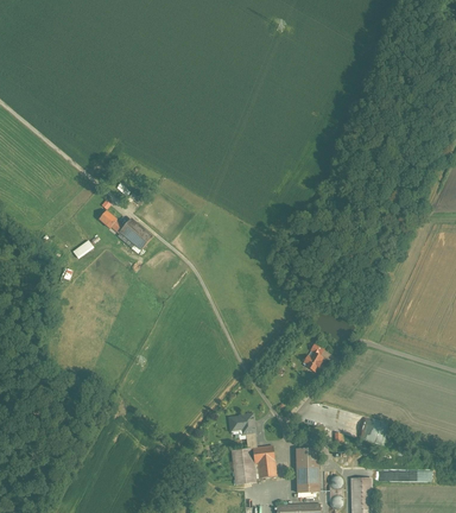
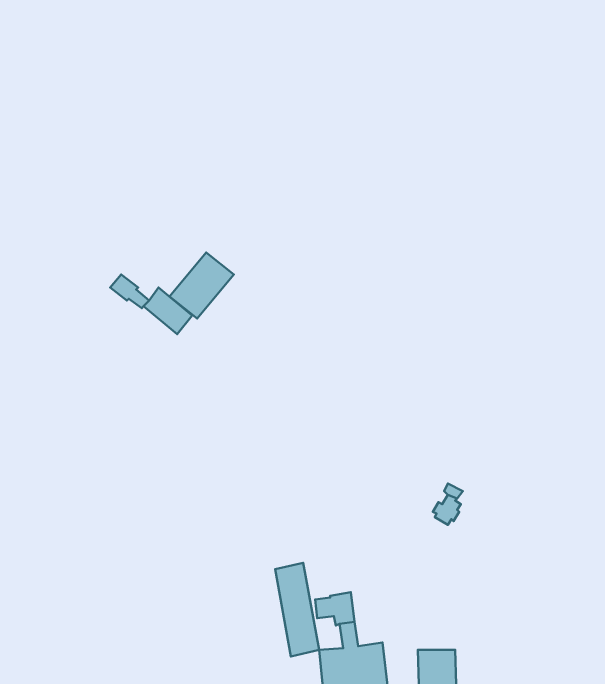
building: none -> [169,253,234,319]
building: none -> [275,563,319,656]

